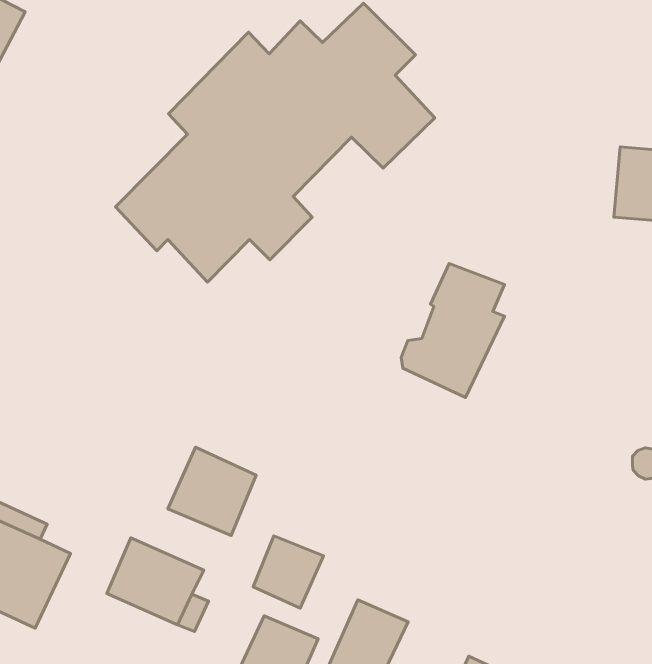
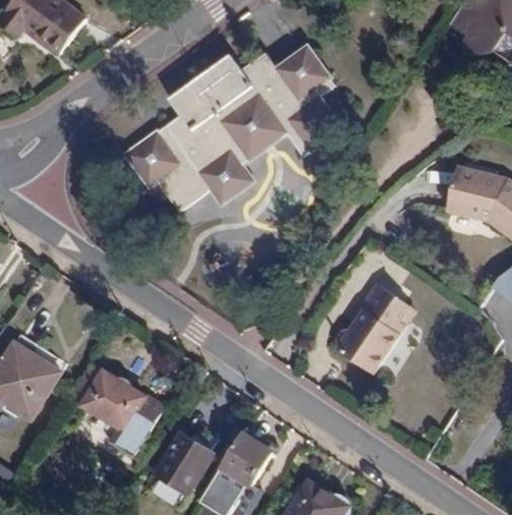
building: [401,263,505,398] -> [336,283,410,371]
building: [168,447,256,536] -> none
building: [253,536,323,608] -> none

